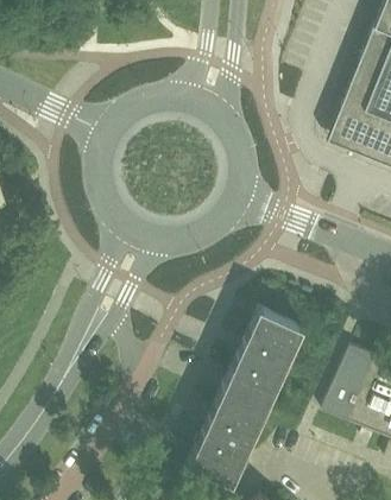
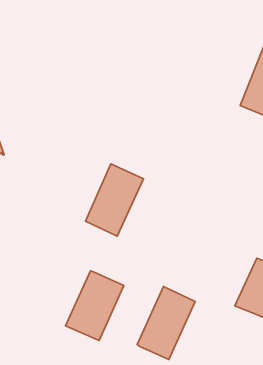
building: [225,310,303,407] -> [85,164,143,236]
building: none -> [65,271,124,340]

